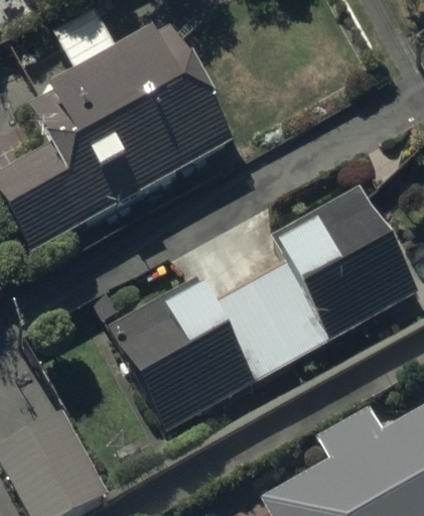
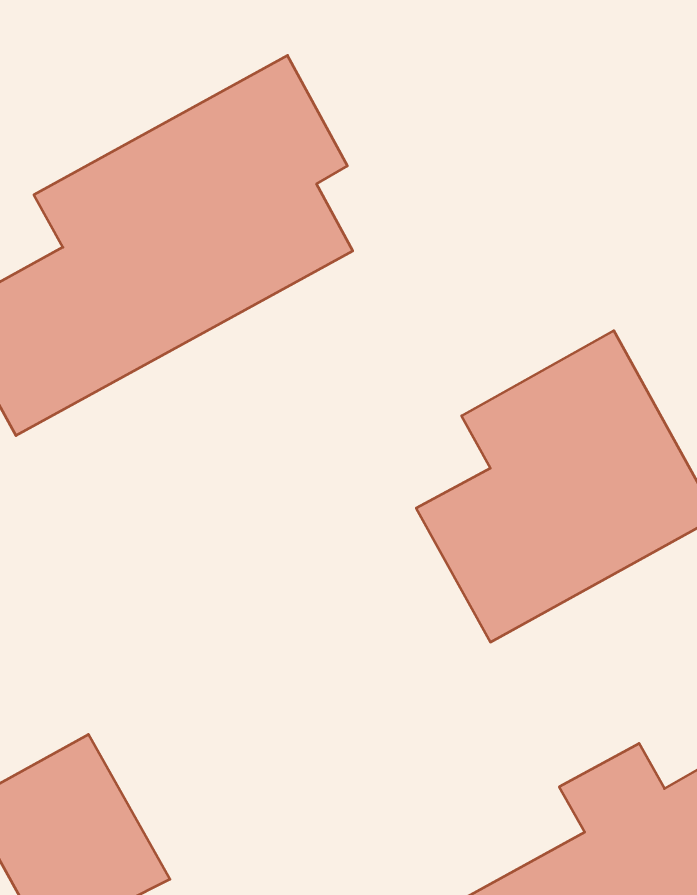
building: [112,280,292,427] -> none

